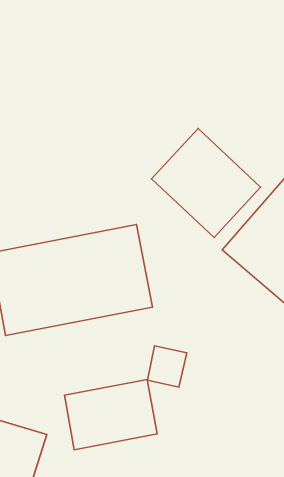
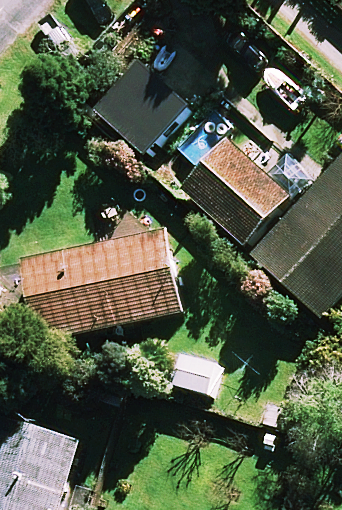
building: none -> [96,56,191,150]
building: [64,379,157,450] -> none

